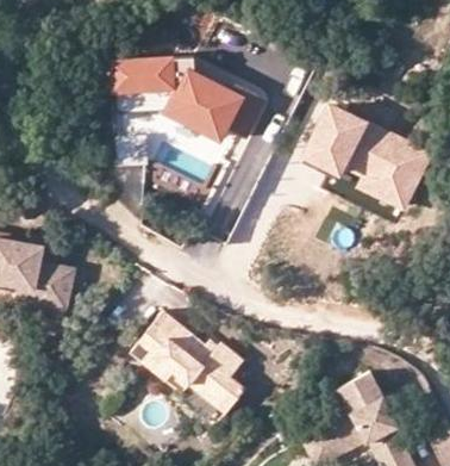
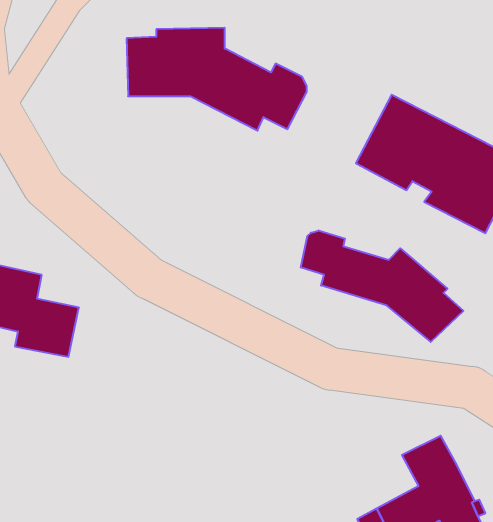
building: none -> [301,230,463,342]
building: [132,316,246,418] -> none

